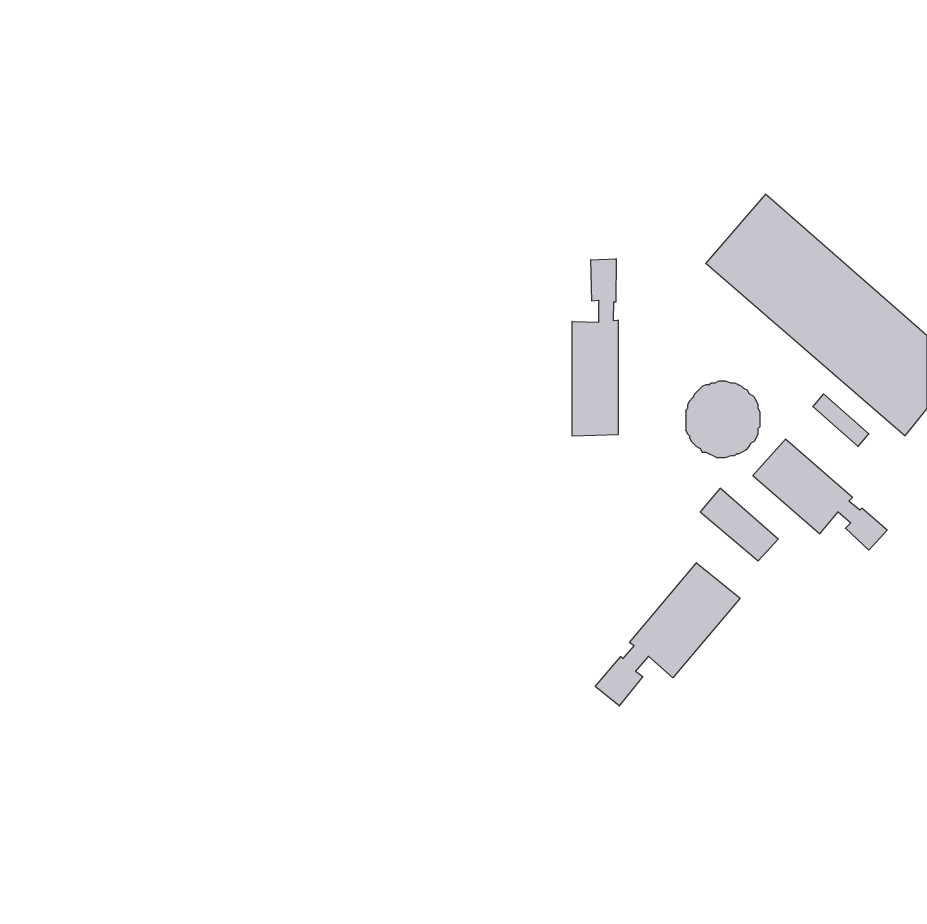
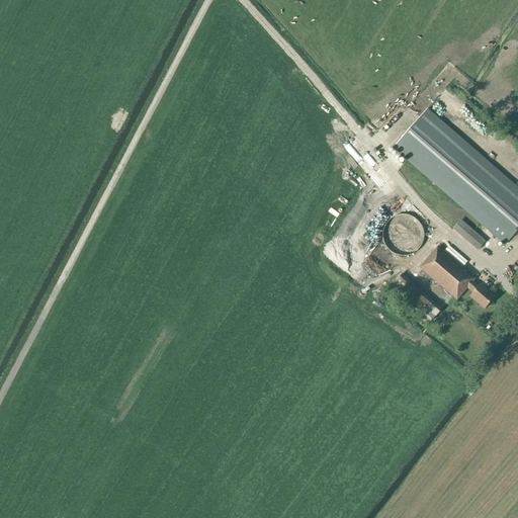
building: [572,259,618,436] -> none
building: [595,563,740,706] -> none

